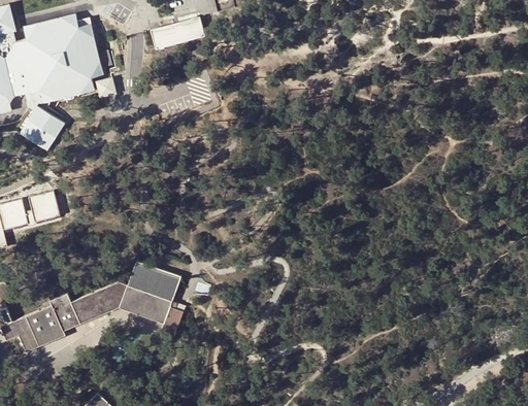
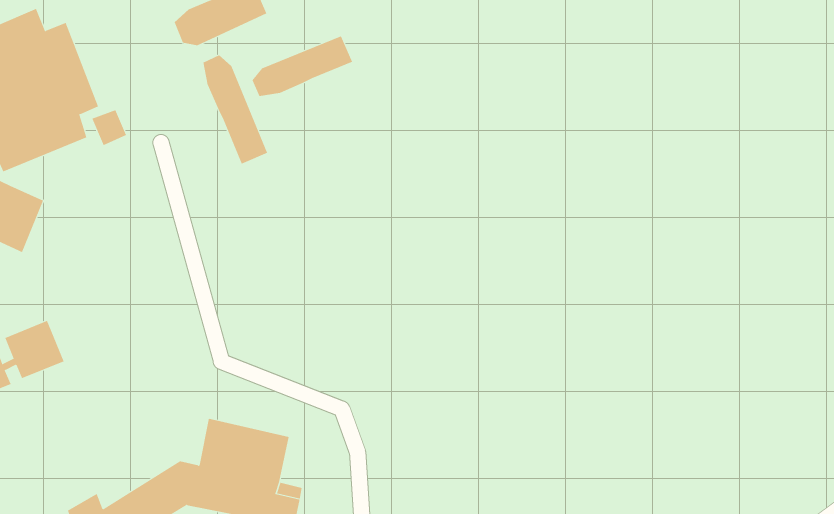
building: none -> [252,35,353,97]
building: none -> [203,55,268,165]

